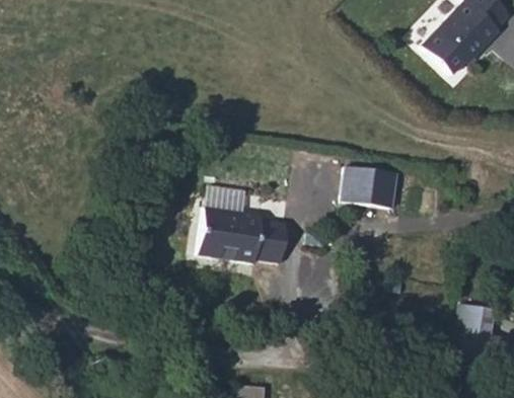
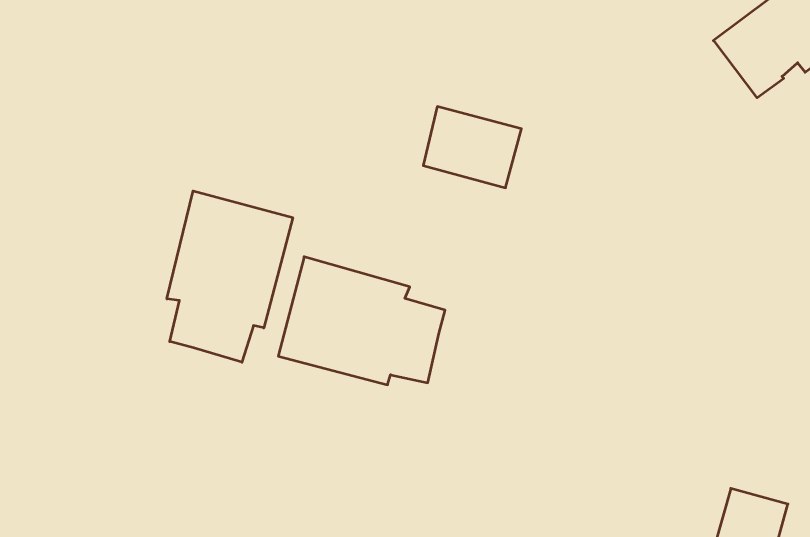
building: [339,162,393,205] -> [423,107,521,188]
building: none -> [167,191,293,362]

